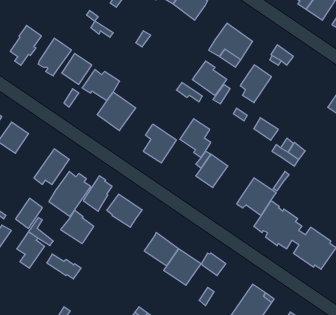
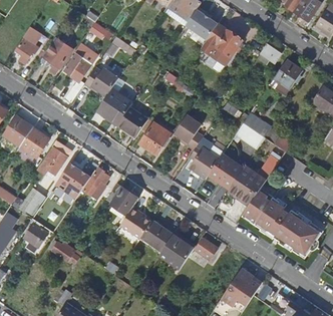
building: [192,61,227,95] -> [186,7,218,39]
building: [240,65,271,103] -> [273,59,302,94]
building: none -> [117,107,147,137]
building: none -> [20,127,49,156]
building: none -> [209,151,245,187]
building: [61,210,94,244] -> [119,207,150,238]

